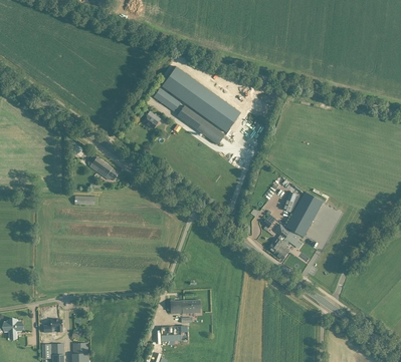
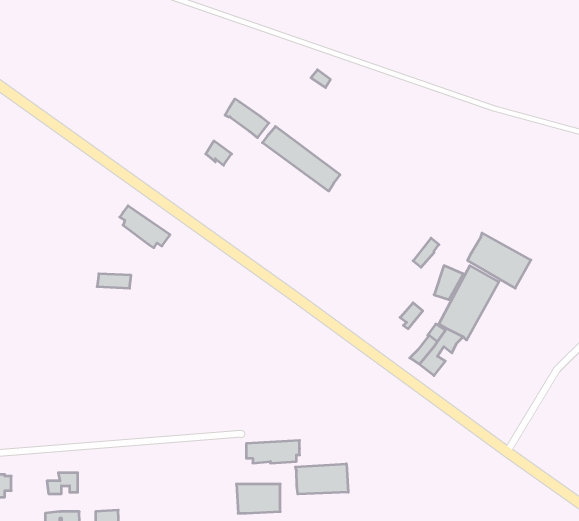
building: [161,65,240,131] -> none
building: none -> [468,233,531,288]
building: none -> [295,464,348,494]

